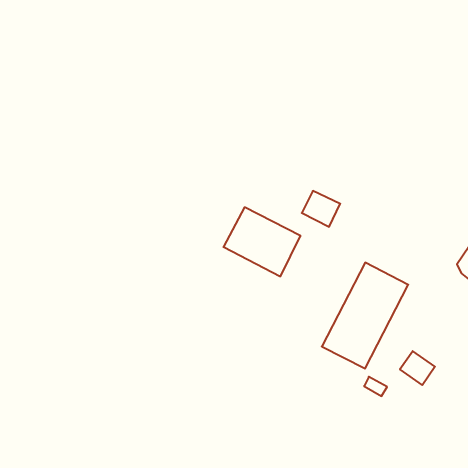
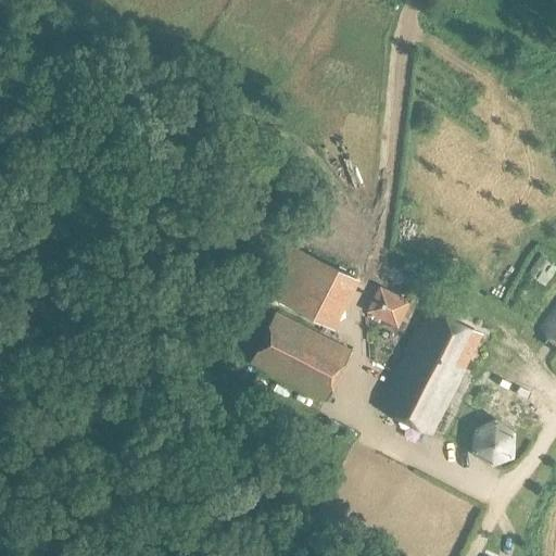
building: [302,191,340,227] -> [369,289,415,331]
building: none -> [256,316,352,403]

